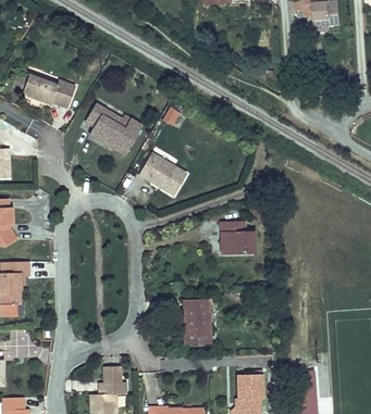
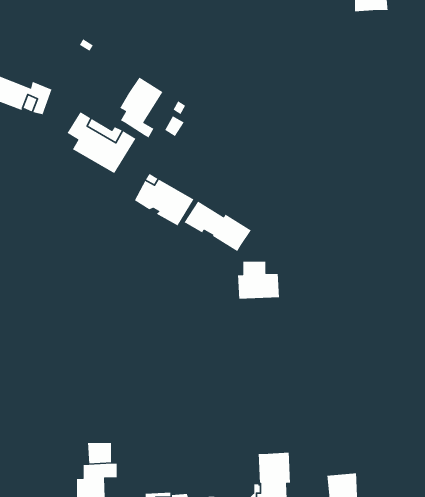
building: none -> [119,76,163,138]
building: none -> [184,200,252,252]
building: [184,300,210,343] -> none

